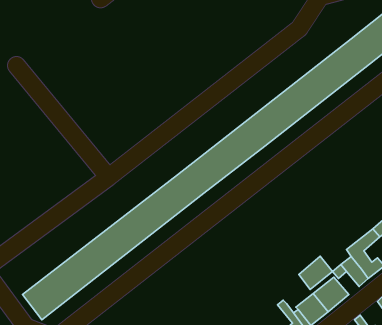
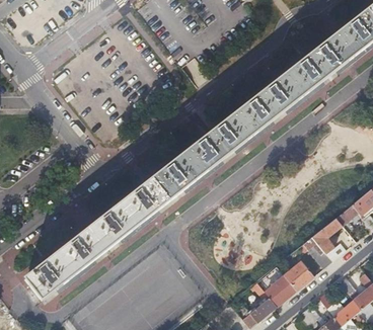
building: [299,256,333,290] -> none

